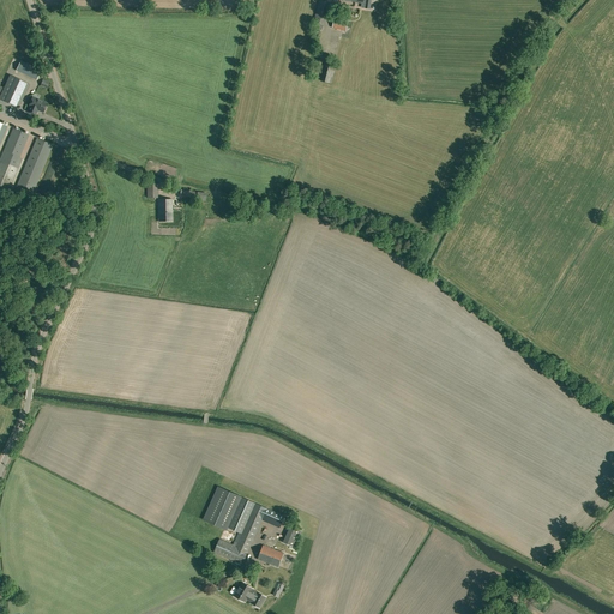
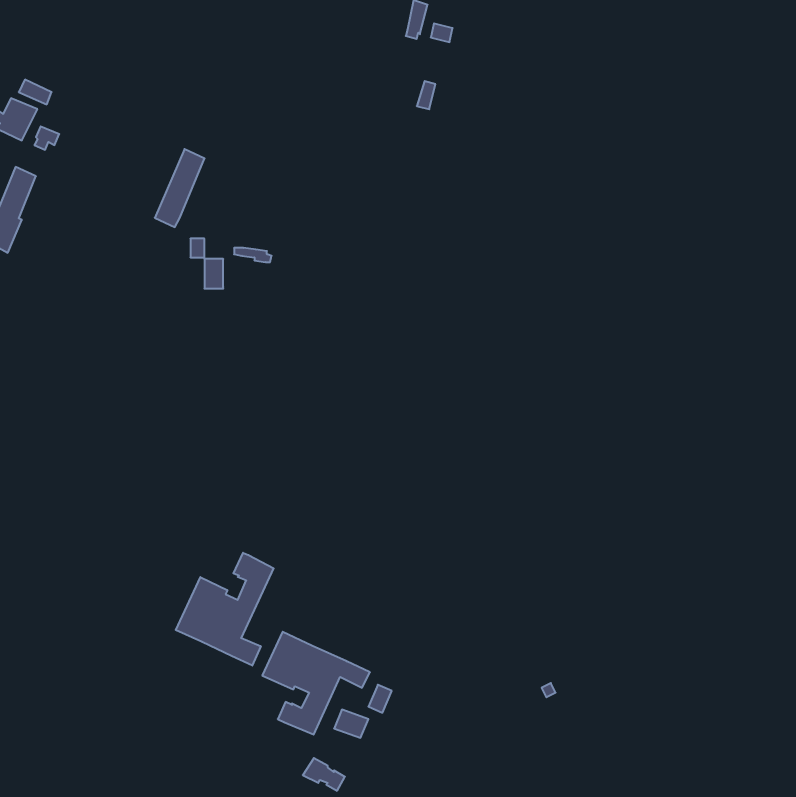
building: [13,138,52,198] -> [155,149,205,227]
building: none -> [176,553,274,666]

